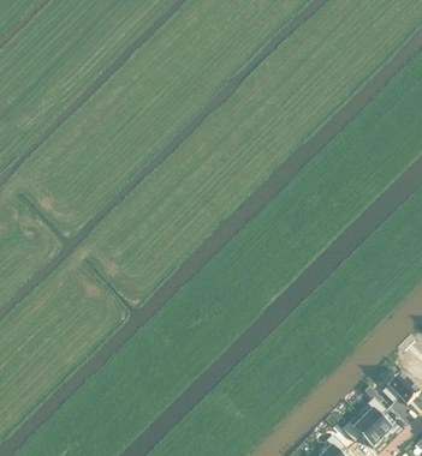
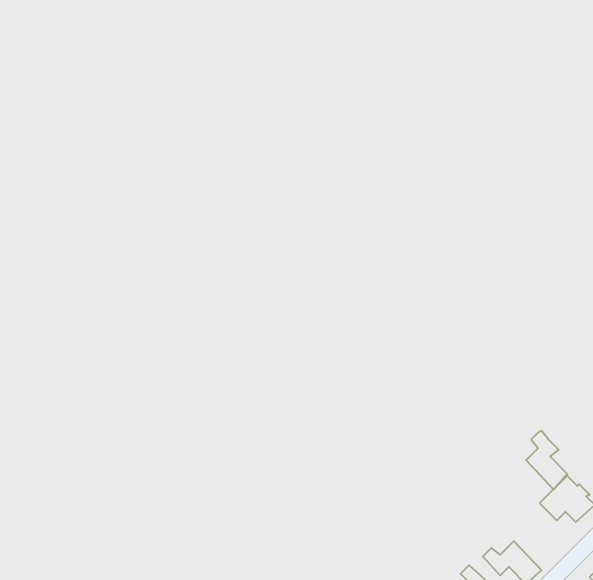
building: [363,397,392,438] -> [526,431,567,489]

